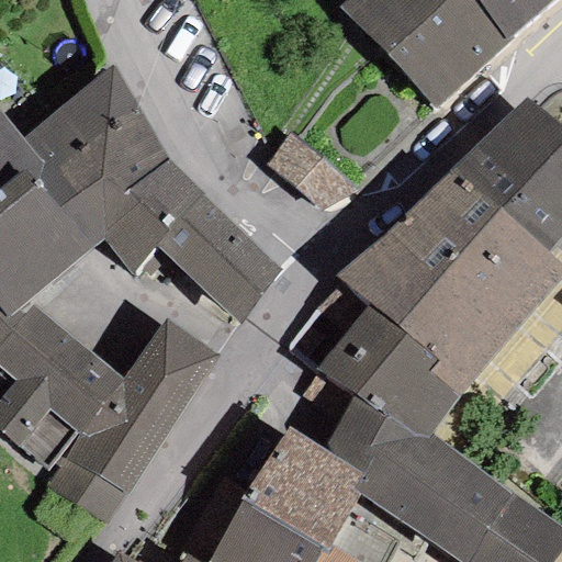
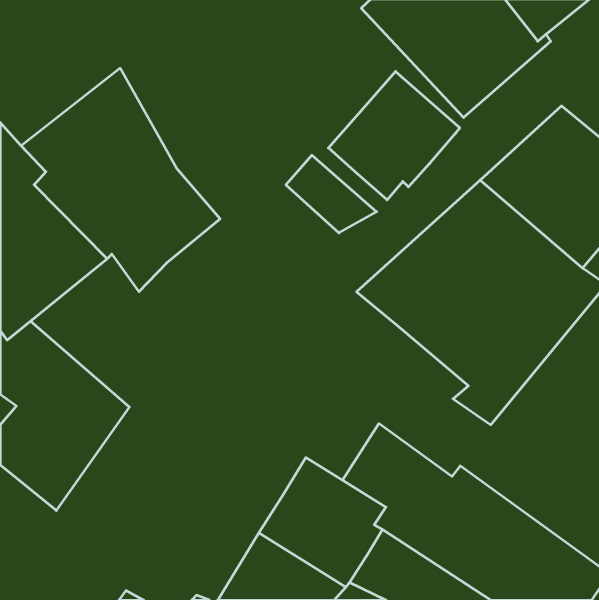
building: none -> [328,71,460,200]
building: [158,204,282,325] -> none
building: [316,303,460,445] -> none
building: [48,321,220,522] -> none

